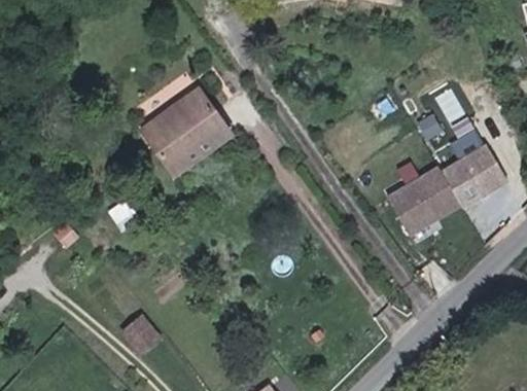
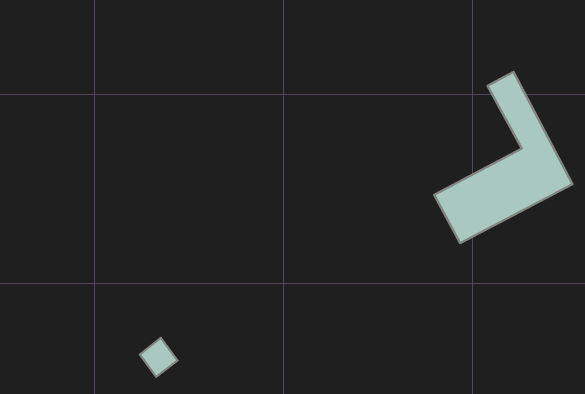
building: [145,91,227,165] -> none

